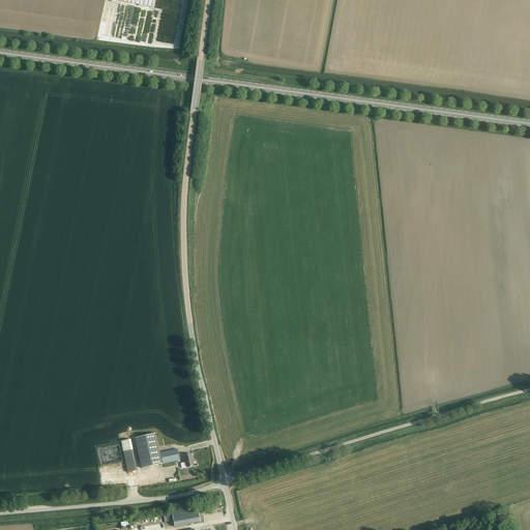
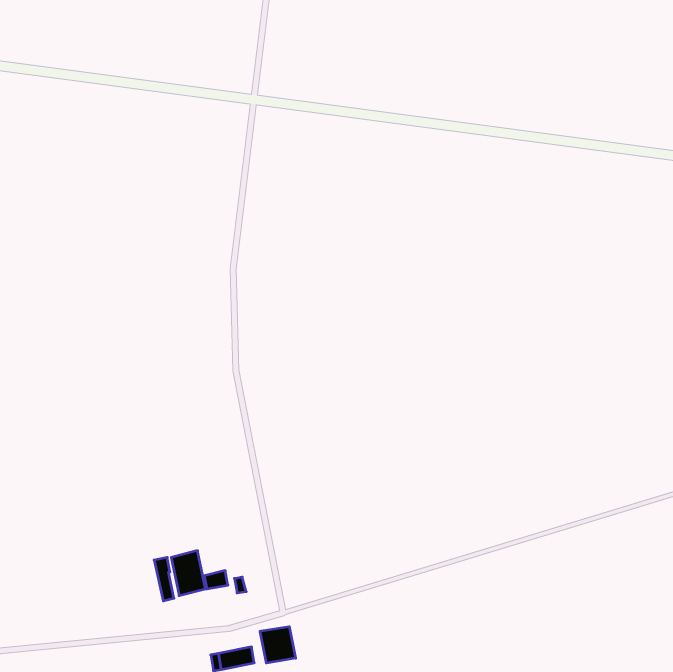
building: none -> [260,627,296,663]

